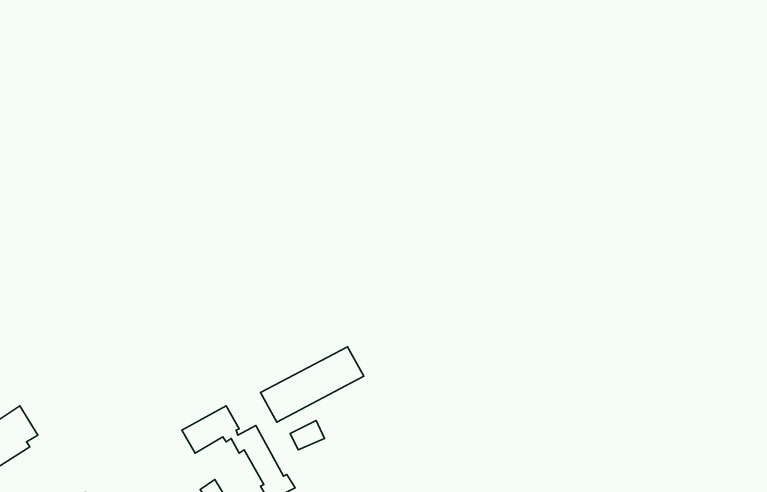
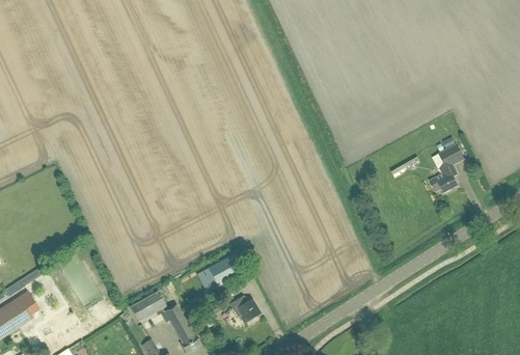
building: none -> [430,143,465,192]
building: none -> [230,295,259,322]

